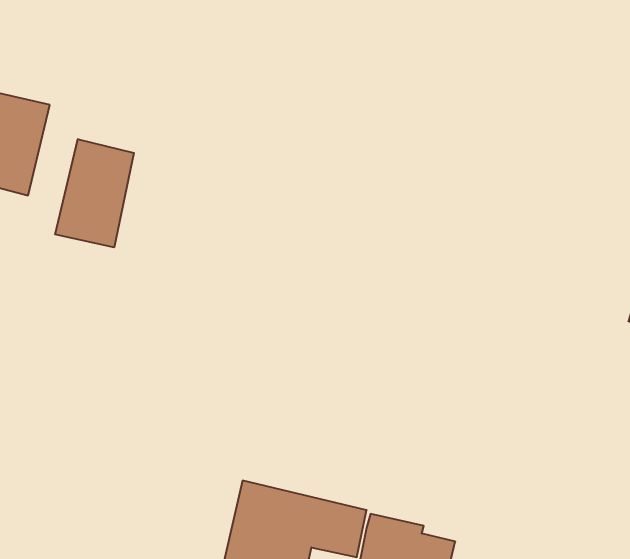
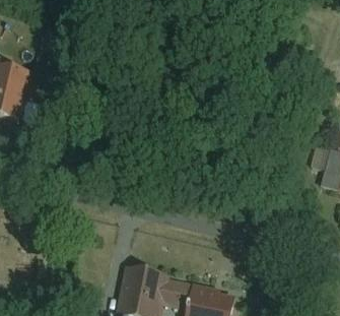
building: [55,139,134,247] -> none

